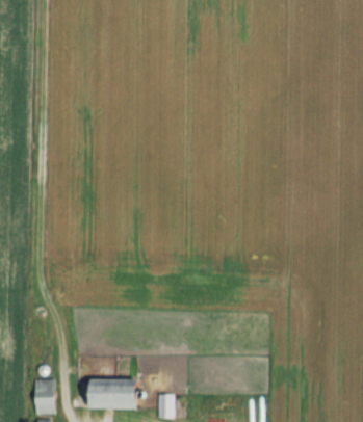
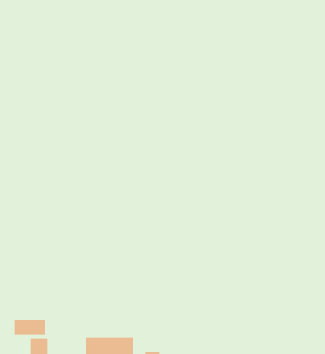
building: none -> [14,319,46,336]

